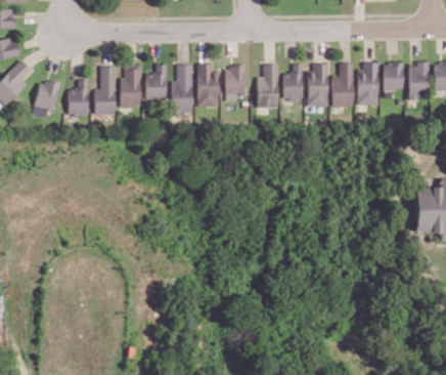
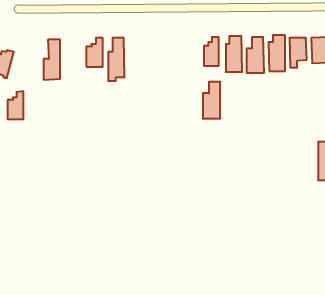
building: [196,65,216,106] -> none
building: [224,65,242,96] -> none
building: [256,65,276,108] -> [203,82,220,119]
building: [121,66,139,107] -> none
building: [69,80,87,113] -> [8,91,23,119]

